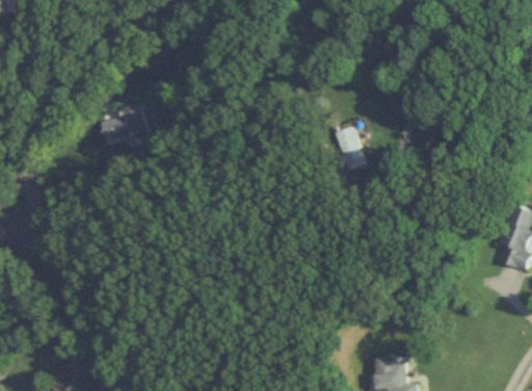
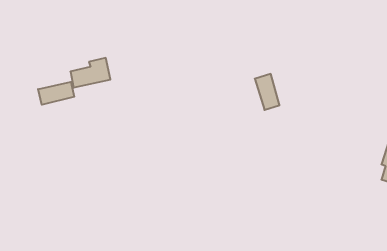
building: none -> [38,82,74,105]

